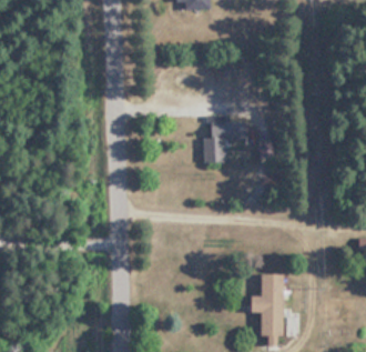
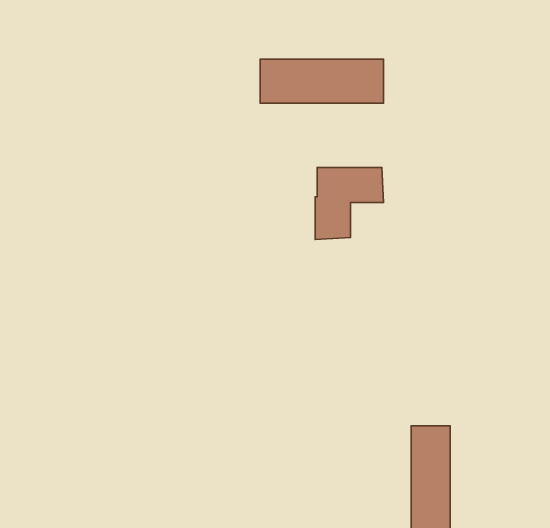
building: none -> [260,59,384,103]

